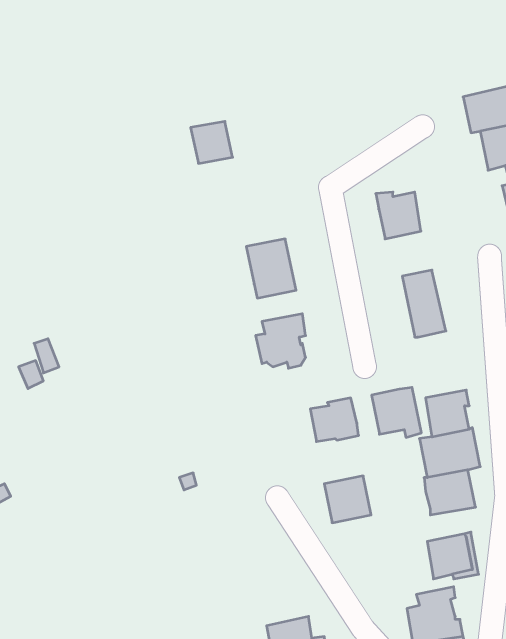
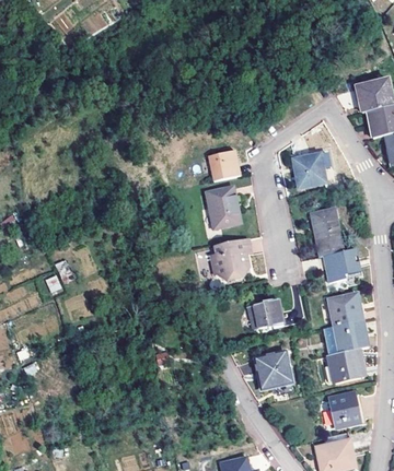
building: [191,121,233,163] -> [205,152,234,181]
building: [372,387,421,437] -> [324,250,359,285]

